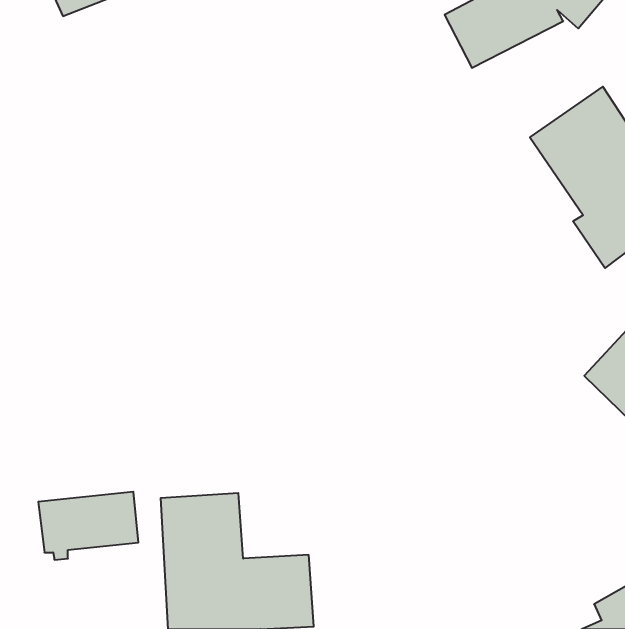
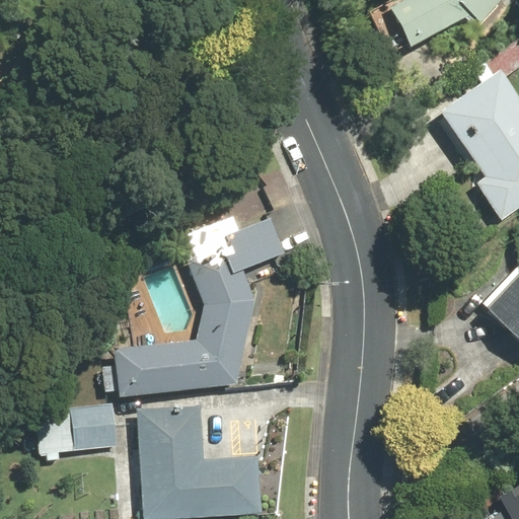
building: none -> [114,217,286,397]

